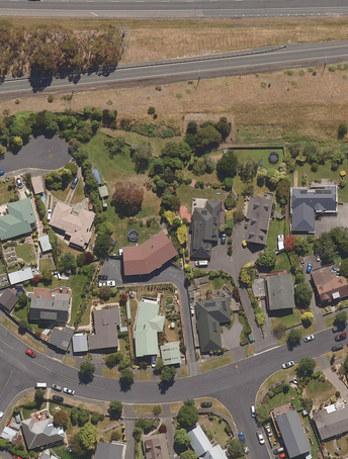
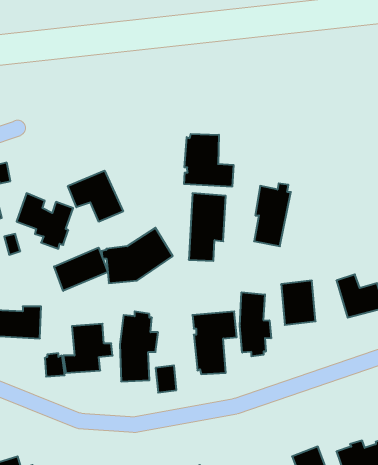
building: none -> [184,134,234,187]
building: none -> [68,171,123,222]
building: [292,187,335,231] -> none
building: none -> [54,248,108,291]
building: none -> [240,292,271,356]
building: [48,326,74,350] -> none

